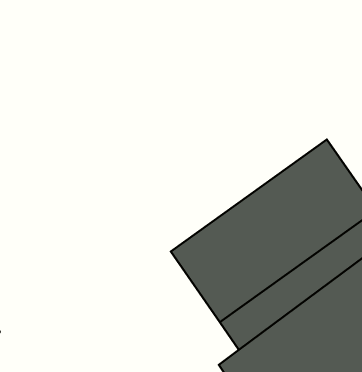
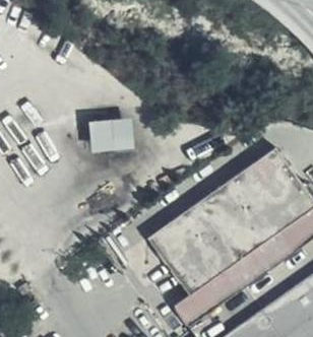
building: none -> [89,117,121,150]

